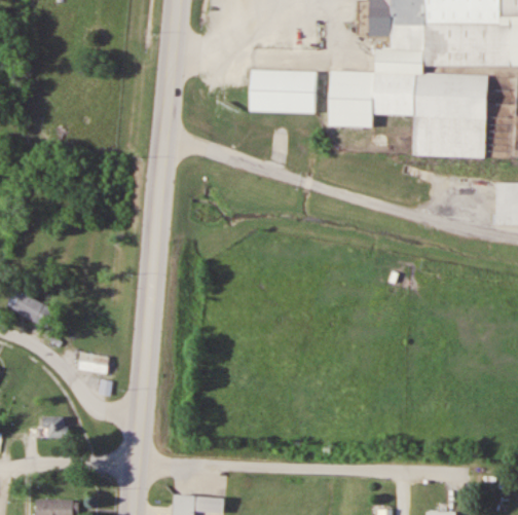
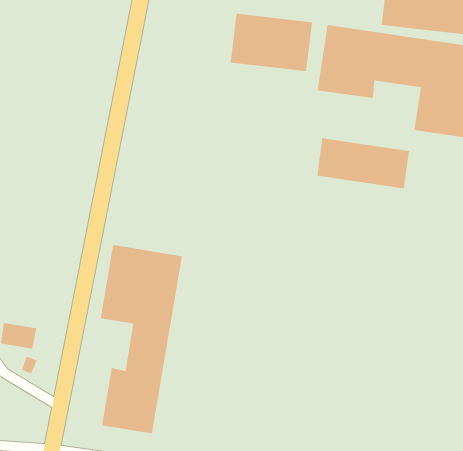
building: none -> [317,137,409,189]
building: none -> [100,244,183,434]

